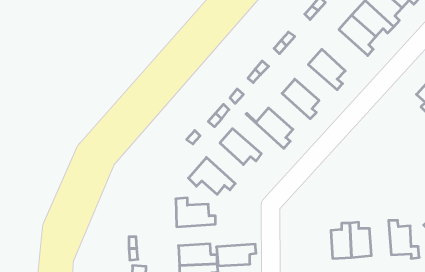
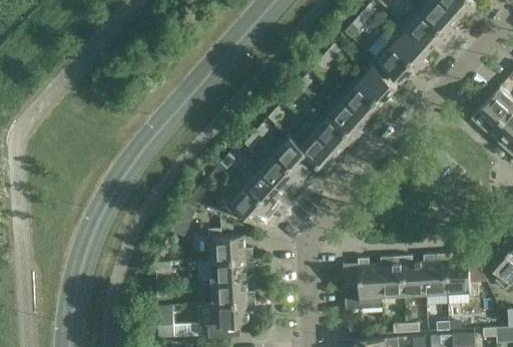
building: none -> [375,42,422,83]
building: none -> [341,81,388,121]
building: none -> [312,113,358,153]
building: none -> [272,136,329,181]
building: none -> [242,168,284,214]
building: none -> [424,255,448,294]
building: none -> [351,259,383,303]
building: [216,244,256,266] -> [209,259,253,283]

